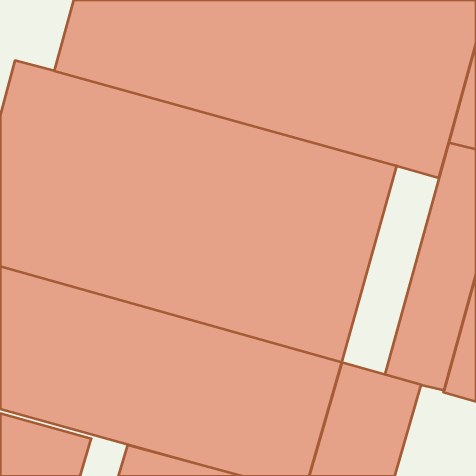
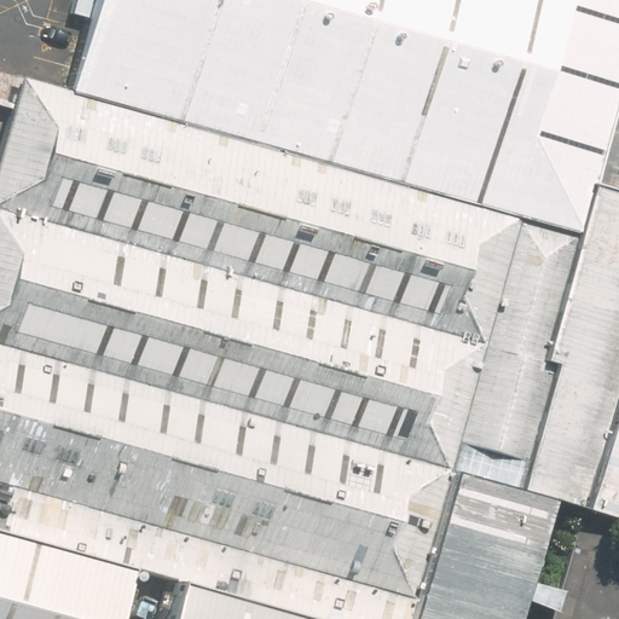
building: none -> [453,215,569,456]

